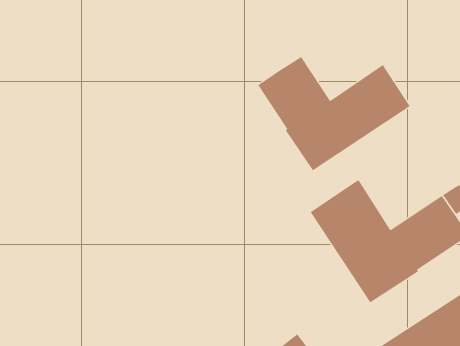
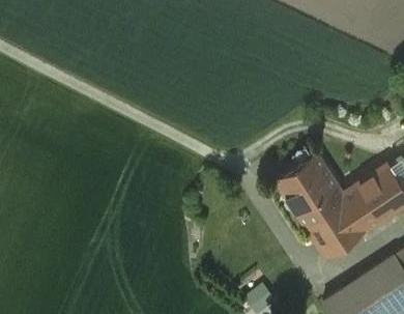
building: [258,56,410,171] -> none

